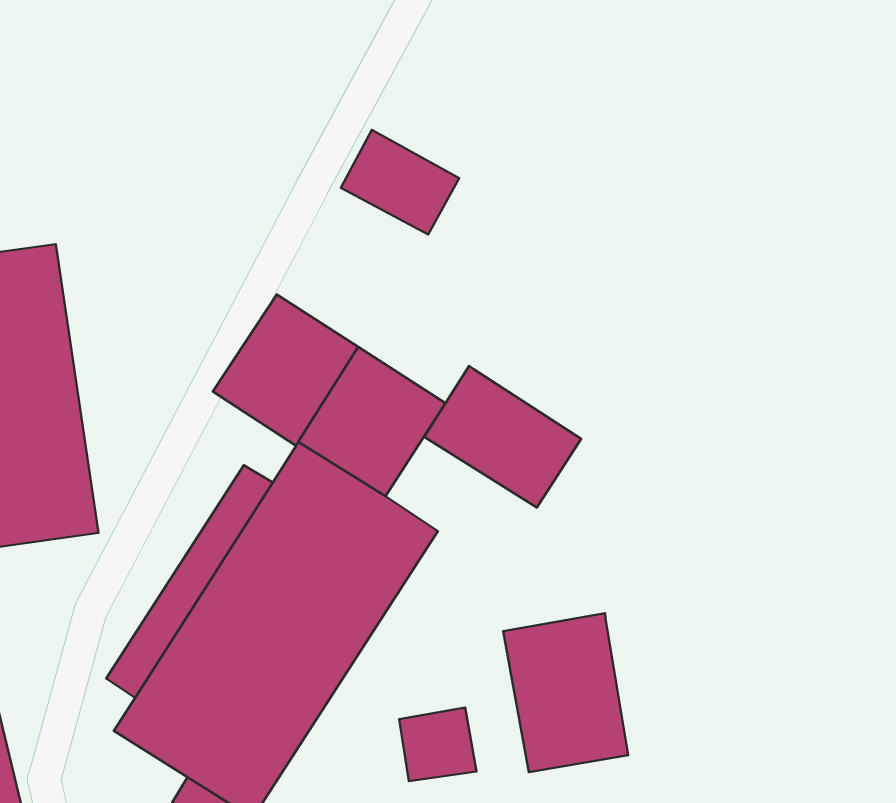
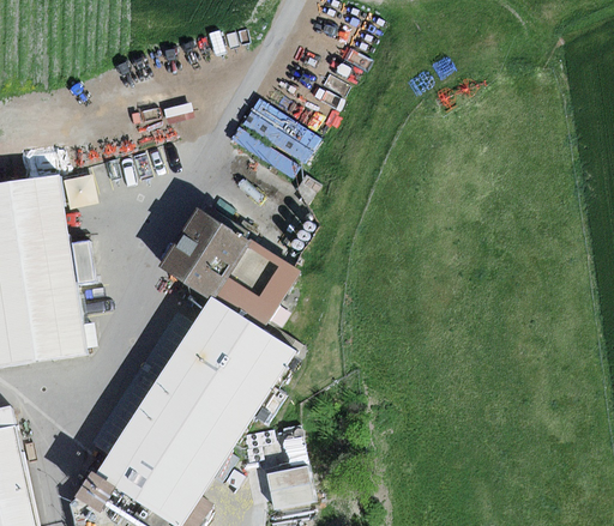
building: [424,366,581,507] -> none
building: [503,613,628,772] -> none

